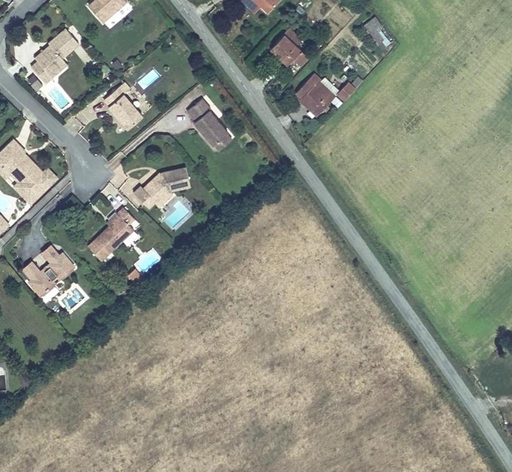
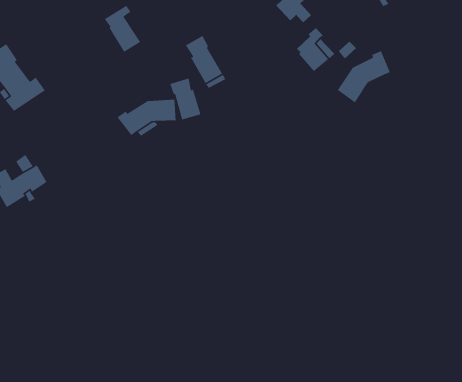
building: none -> [337,50,391,103]
building: none -> [169,78,201,121]
building: [86,207,135,261] -> none

